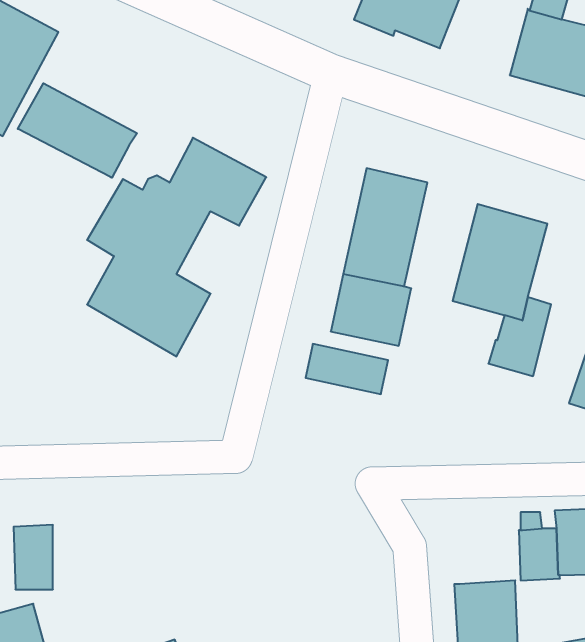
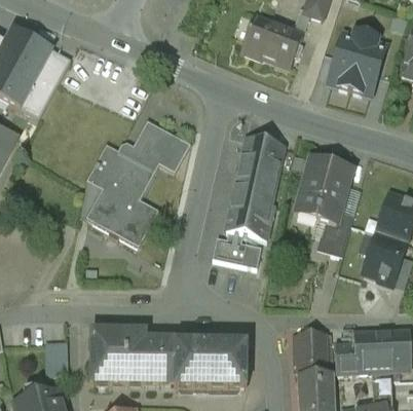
building: [18,83,137,178] -> none
building: none -> [91,328,247,387]
building: none -> [293,330,333,374]

